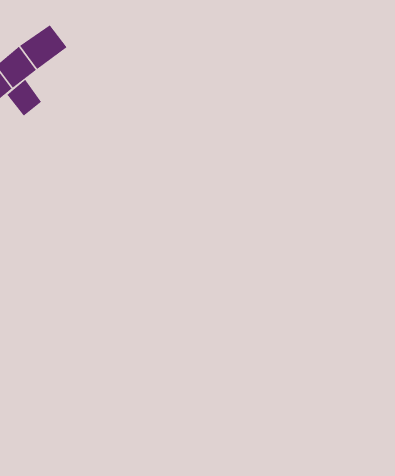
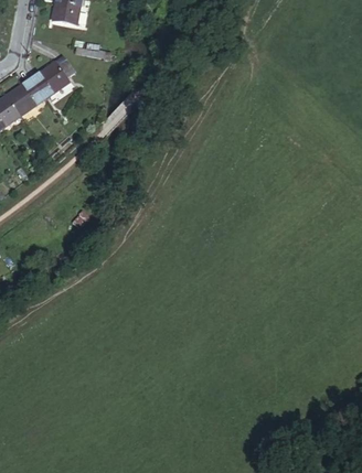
building: [7,79,42,117] -> none

